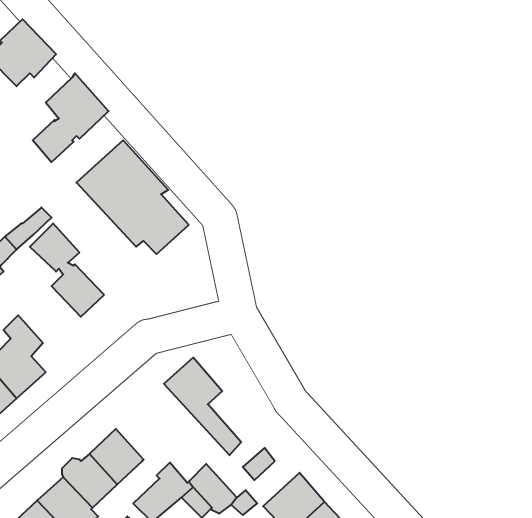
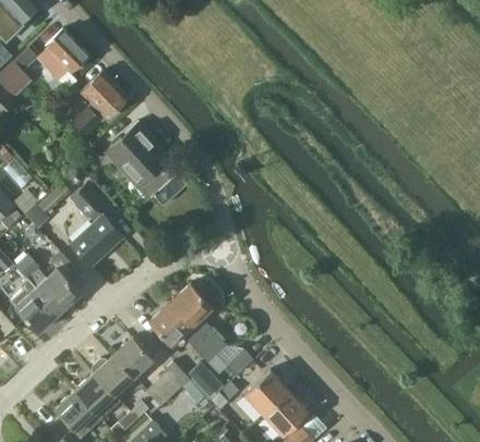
building: none -> [70,230,107,267]
building: none -> [149,303,218,365]

